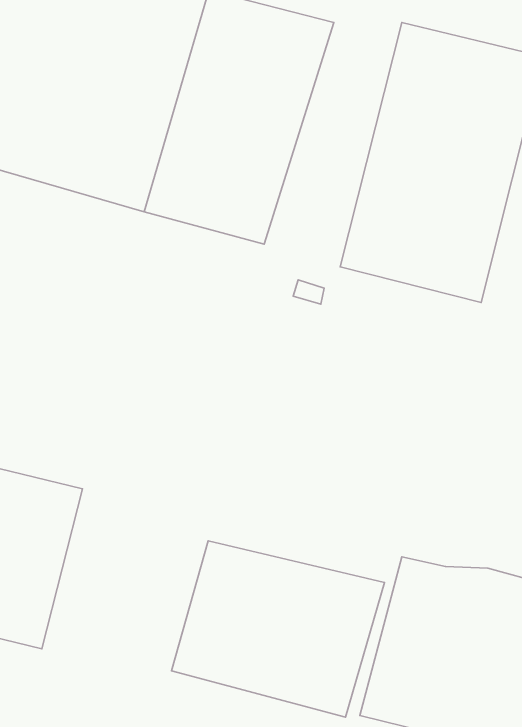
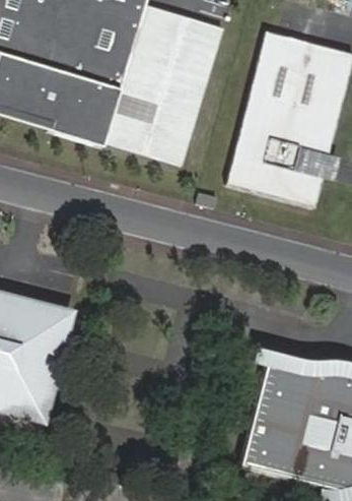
building: [171,541,385,717] -> none

